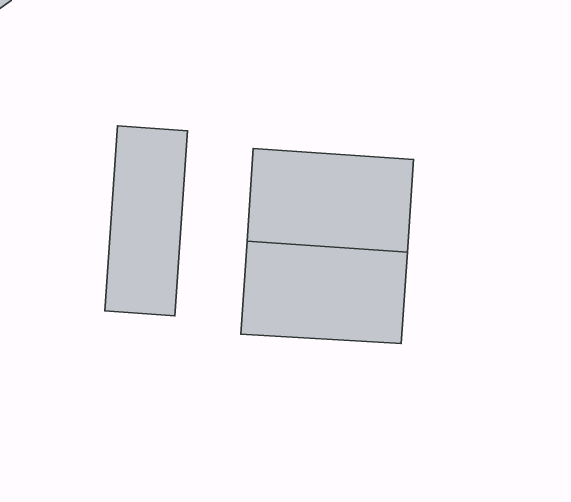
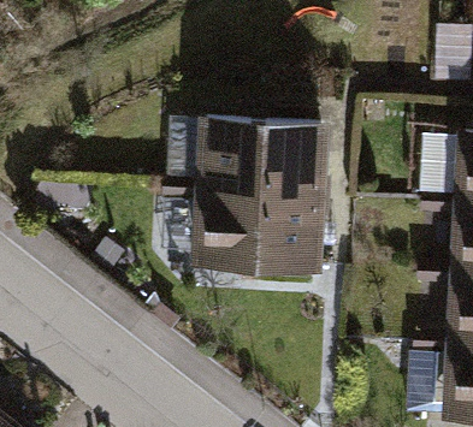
building: [105,126,187,316] -> none

